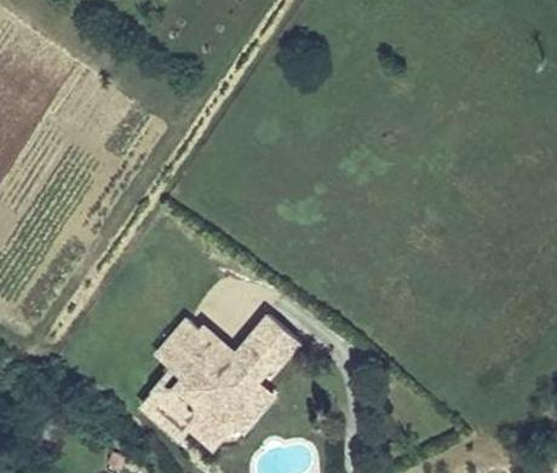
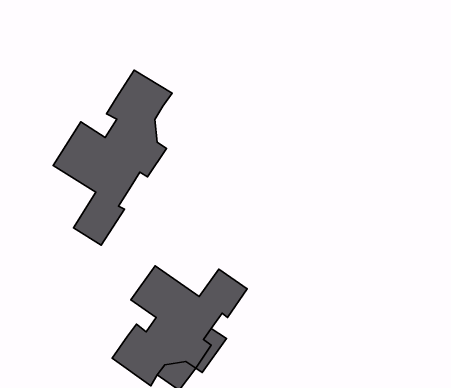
building: none -> [53,70,172,245]

